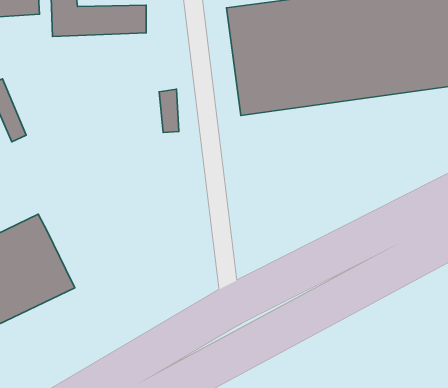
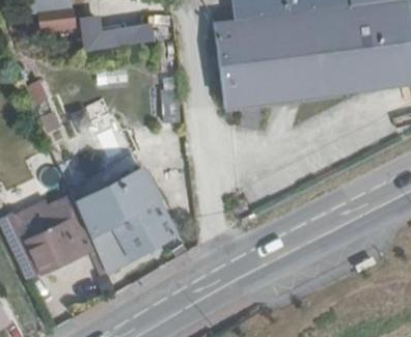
building: none -> [75,168,172,266]

